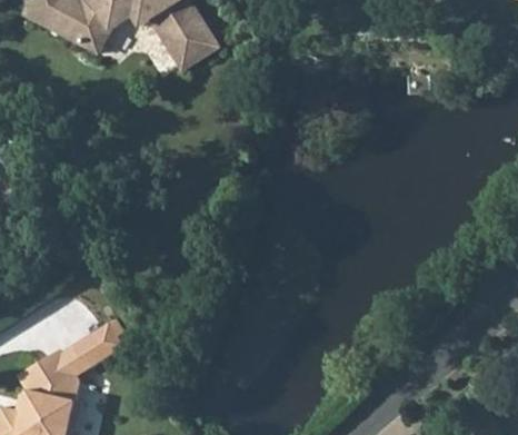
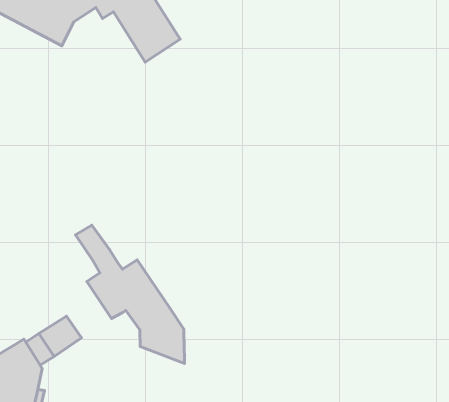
building: none -> [76,225,185,364]

